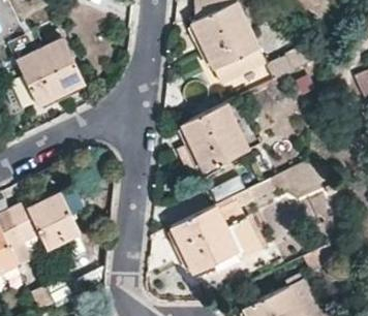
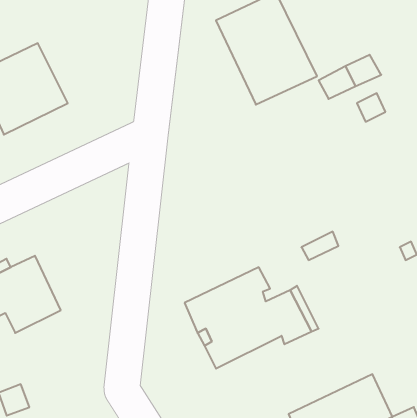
building: [178,104,246,172] -> none

